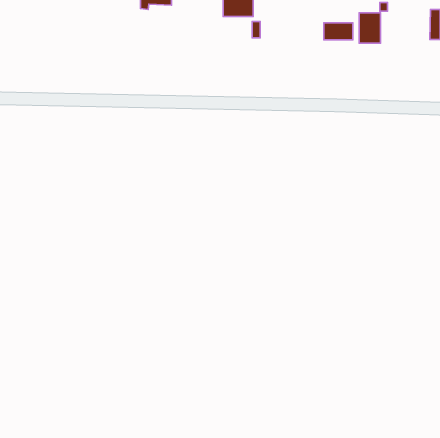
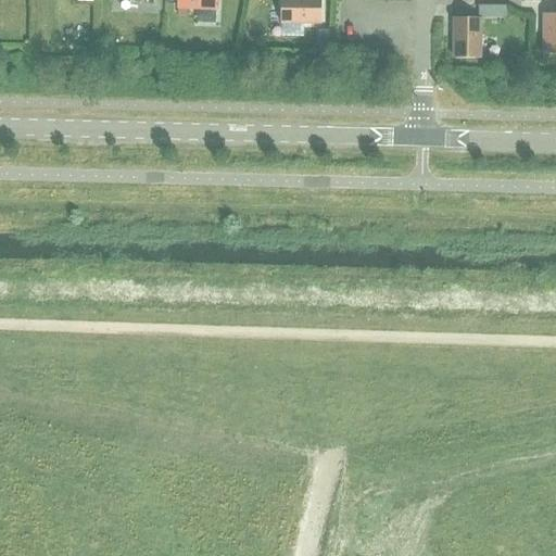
building: [324,23,353,40] -> none

